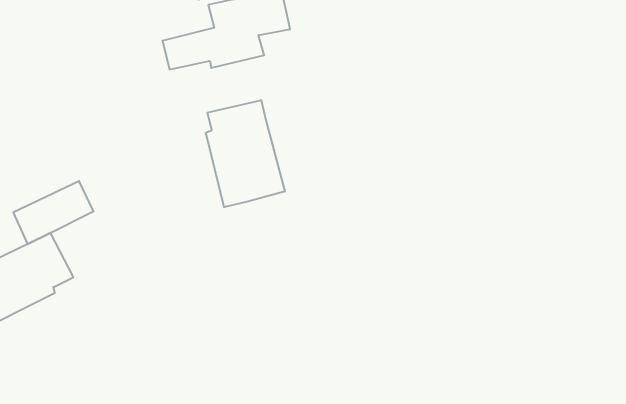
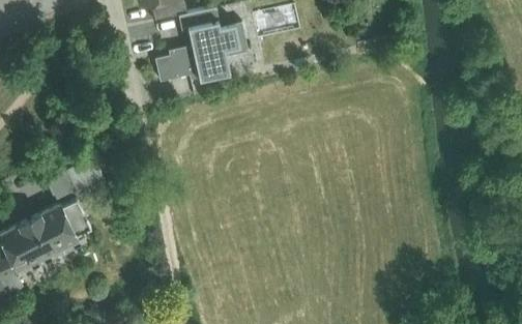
building: [206,100,285,207] -> none

